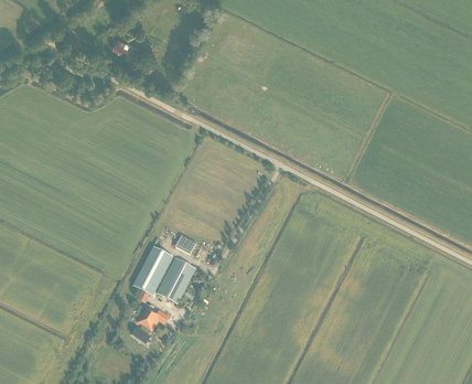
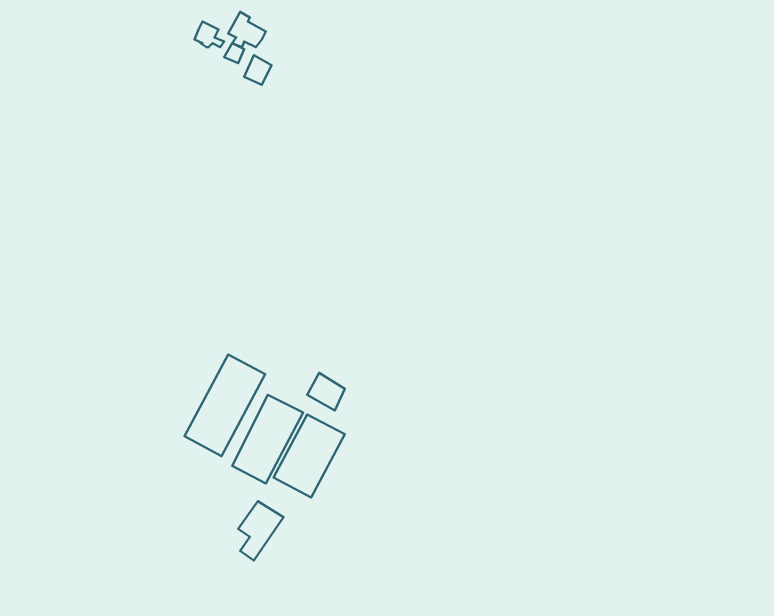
building: none -> [185,354,265,456]

